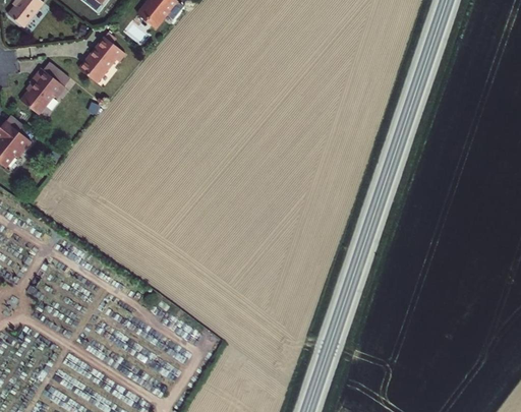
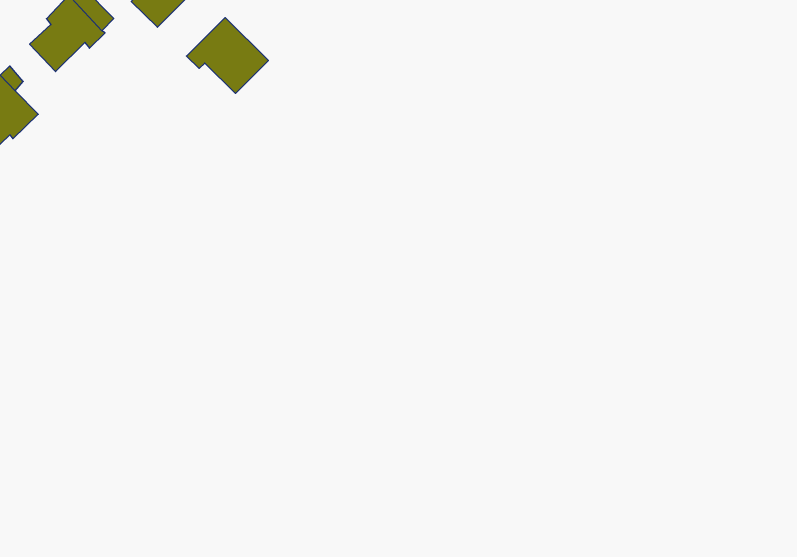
building: none -> [186,18,268,93]

